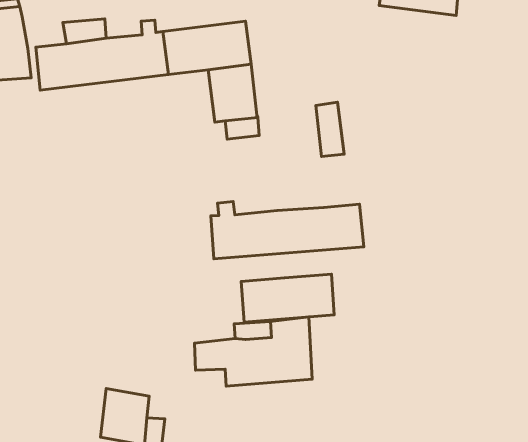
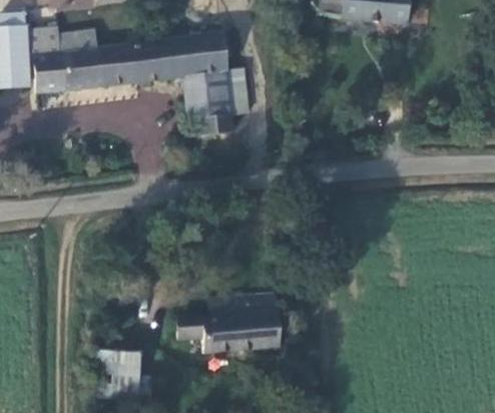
building: none -> [23,23,62,55]
building: [316,102,344,156] -> [225,66,251,114]
building: [211,201,364,259] -> none
building: [241,274,334,322] -> none

